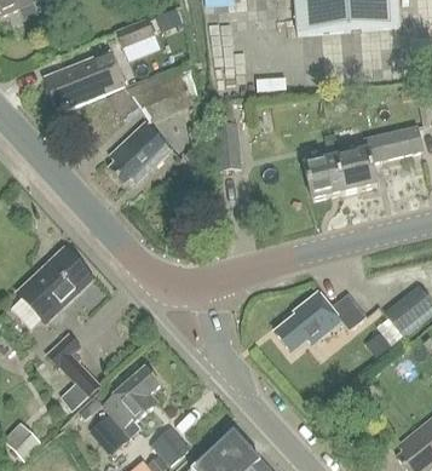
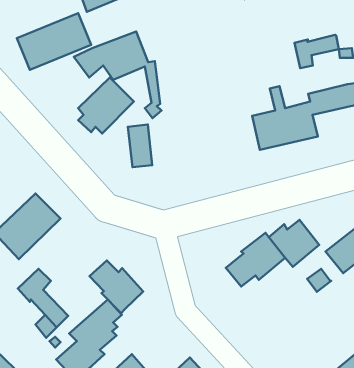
building: none -> [294,35,339,68]
building: [212,124,238,171] -> [128,125,152,167]
building: none -> [90,260,143,313]

